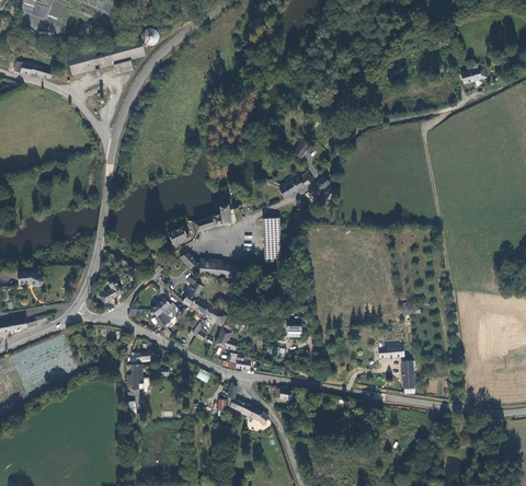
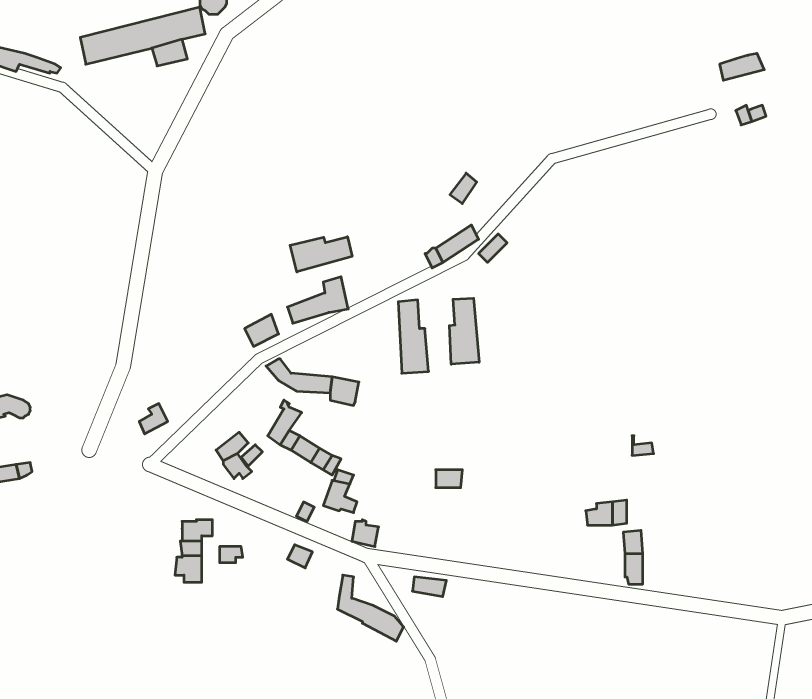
building: none -> [290,237,352,272]
building: none -> [449,298,479,364]

